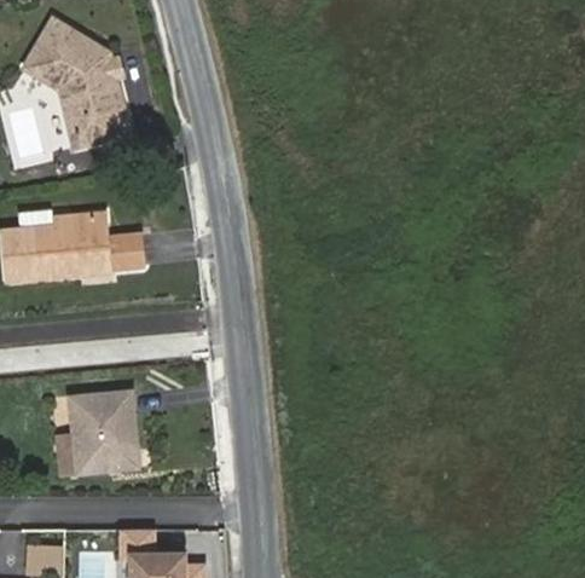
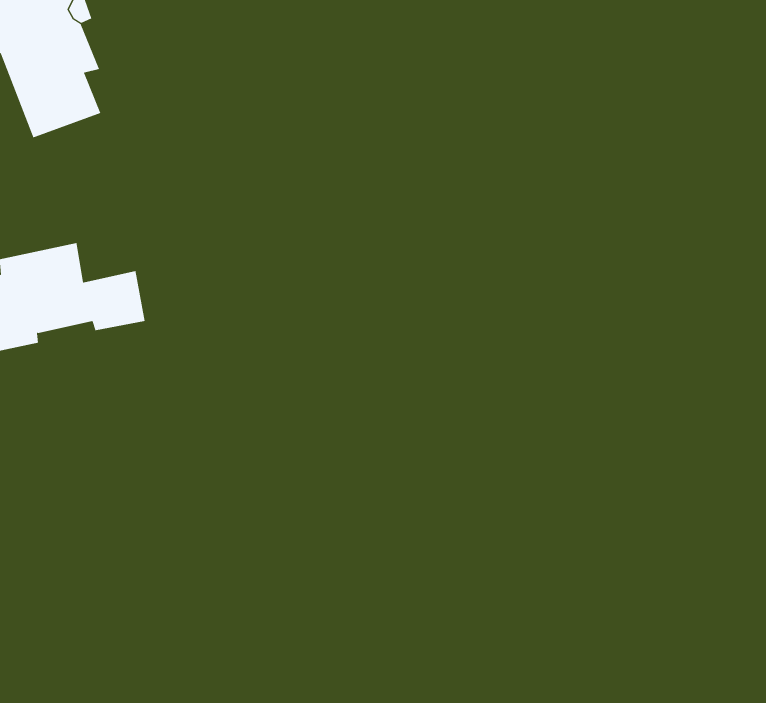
building: [52,393,133,474] -> none

